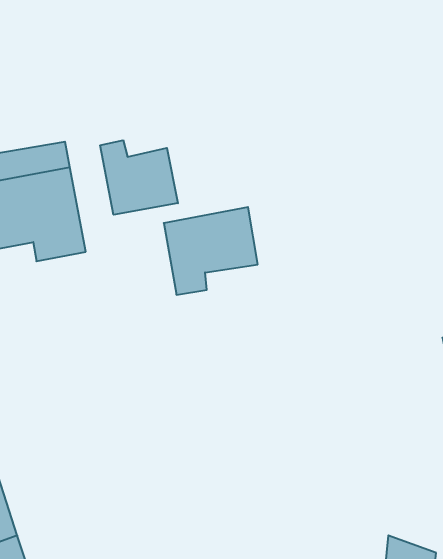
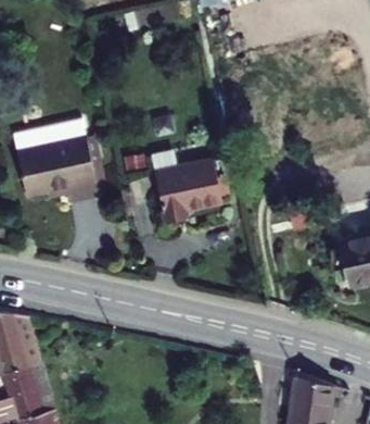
building: [100,140,178,215] -> none

